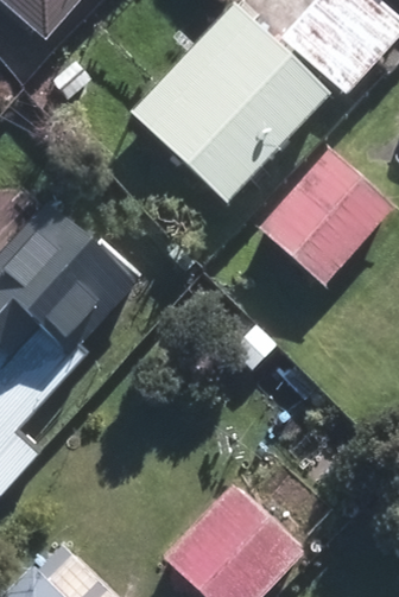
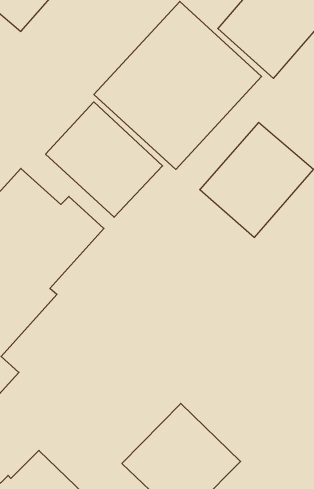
building: none -> [46,102,163,217]

